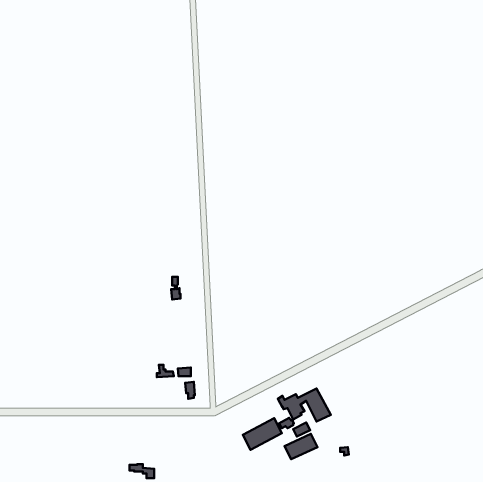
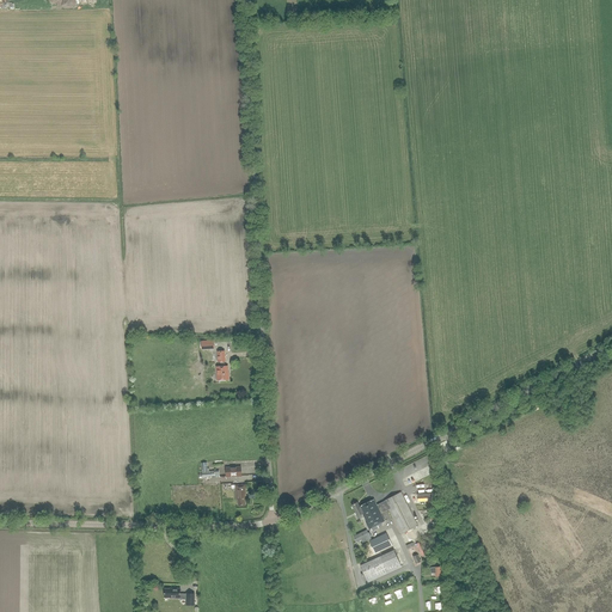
building: [243,418,282,450] -> none

